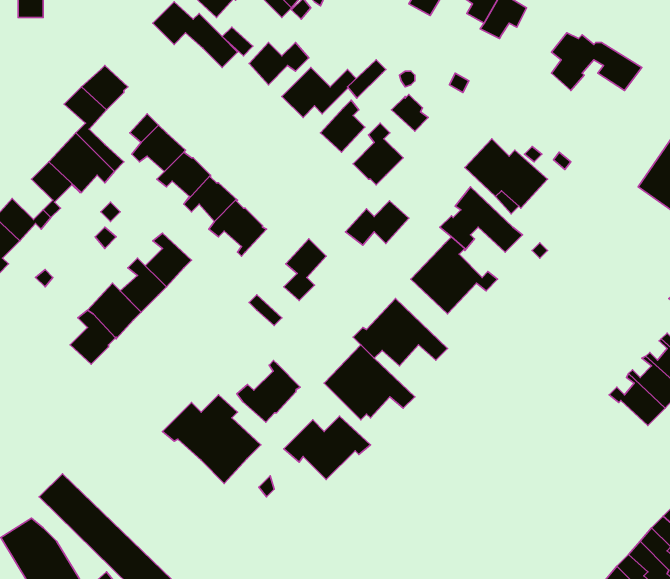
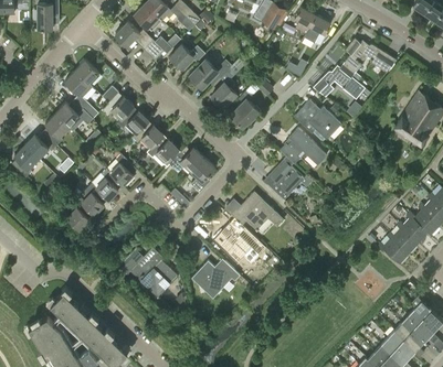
building: none -> [312,62,365,98]
building: [345,201,409,245] -> [168,147,204,172]
building: [237,361,300,422] -> none

